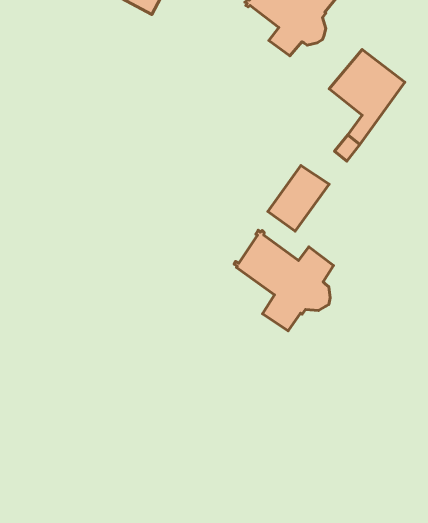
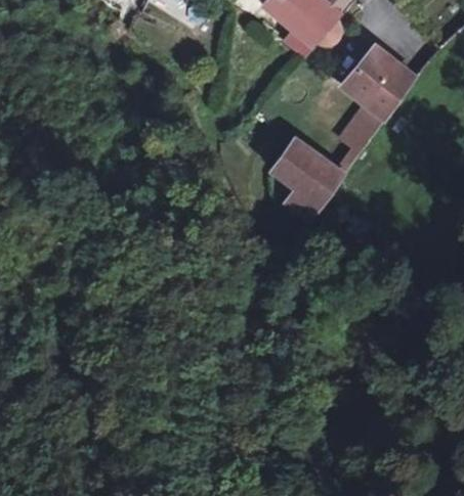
building: none -> [271,138,317,184]
building: [234,230,334,331] -> none

